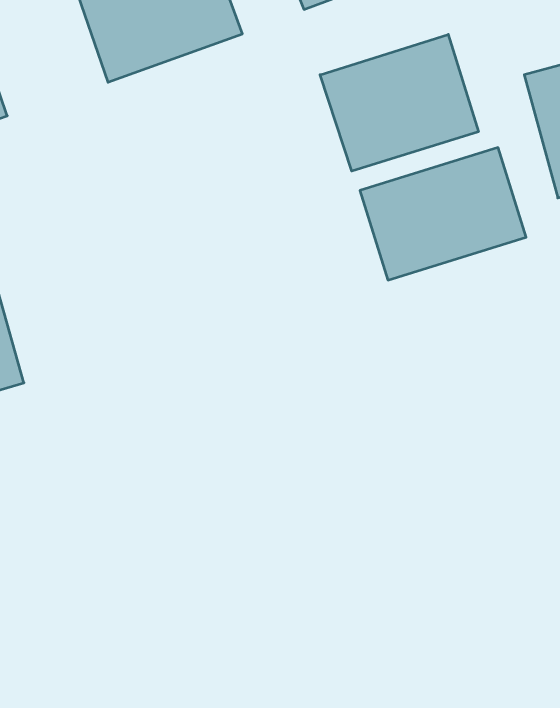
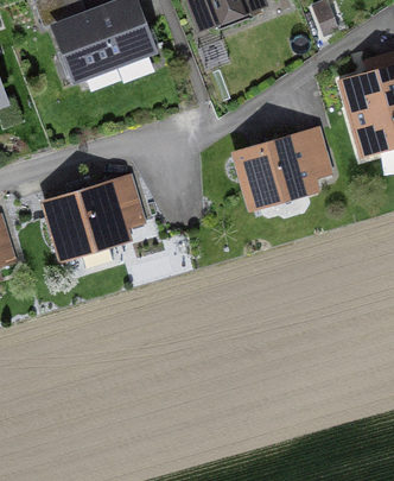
building: [320,34,478,171] -> none
building: none -> [40,175,150,261]

